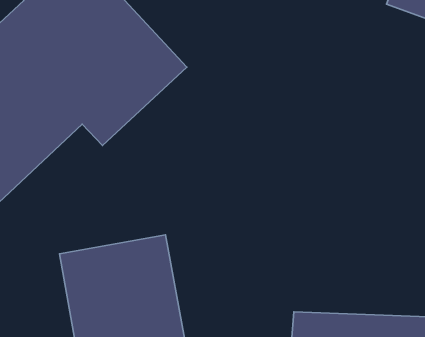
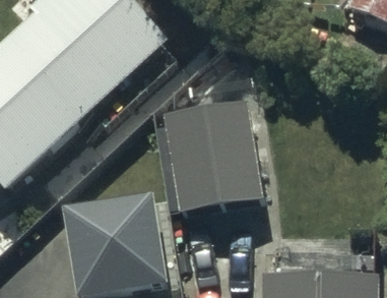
building: none -> [165,104,260,207]

